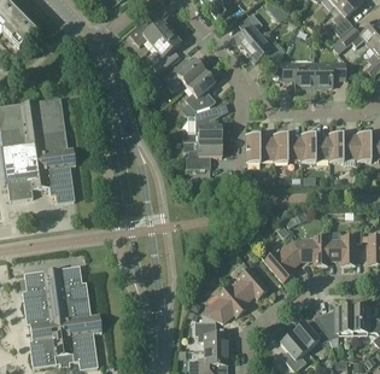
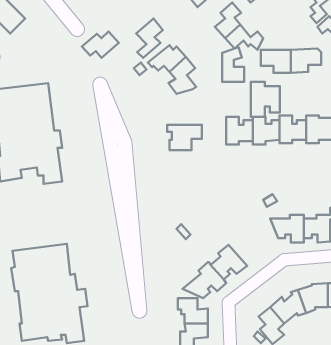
building: [133,18,171,46] -> [82,31,119,58]
building: none -> [251,82,280,117]
building: [199,105,222,141] -> [222,47,244,82]
building: [264,239,302,281] -> none

